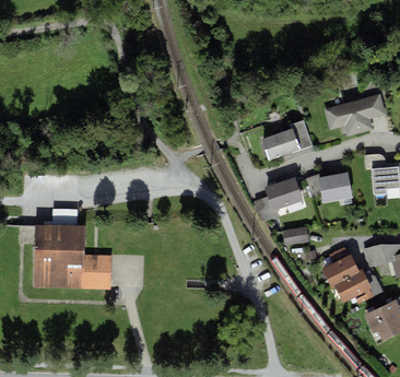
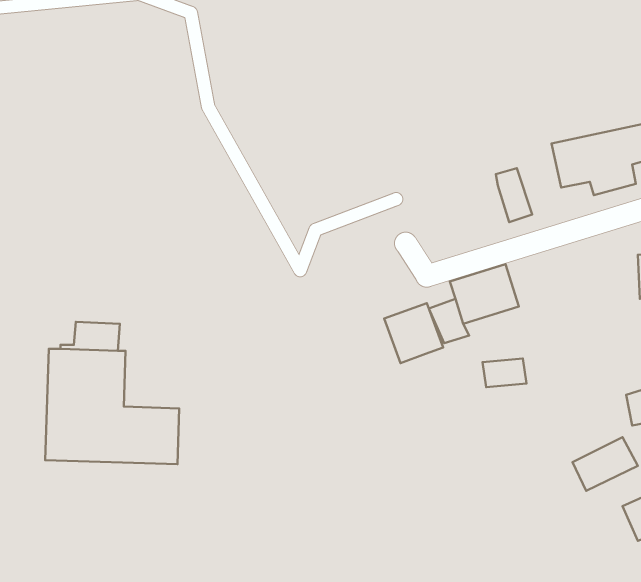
building: [262,130,299,161] -> none
building: [309,172,354,203] -> none
building: none -> [384,303,443,363]
building: [321,257,360,288] -> none

